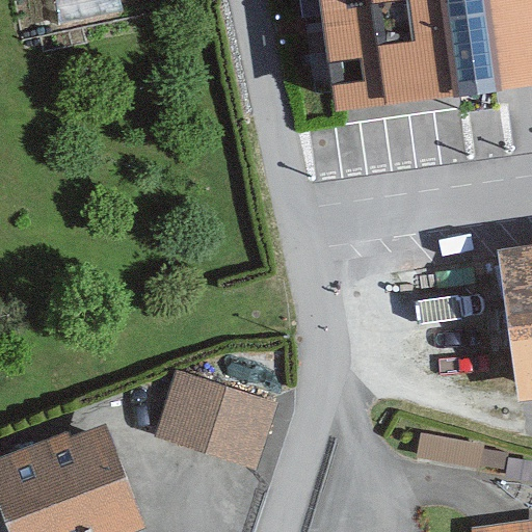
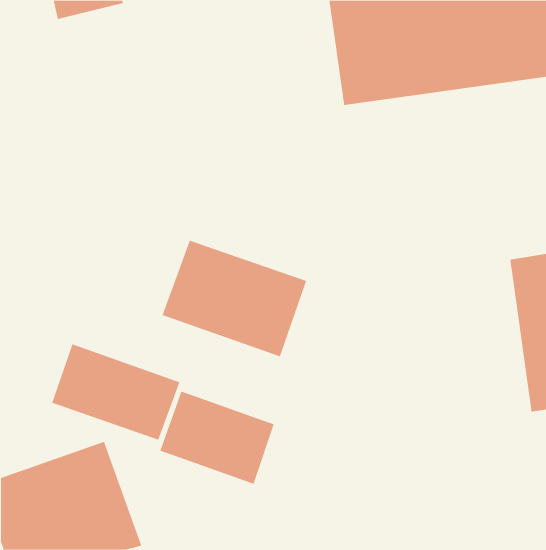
building: none -> [162,240,307,357]
building: none -> [52,344,180,440]

